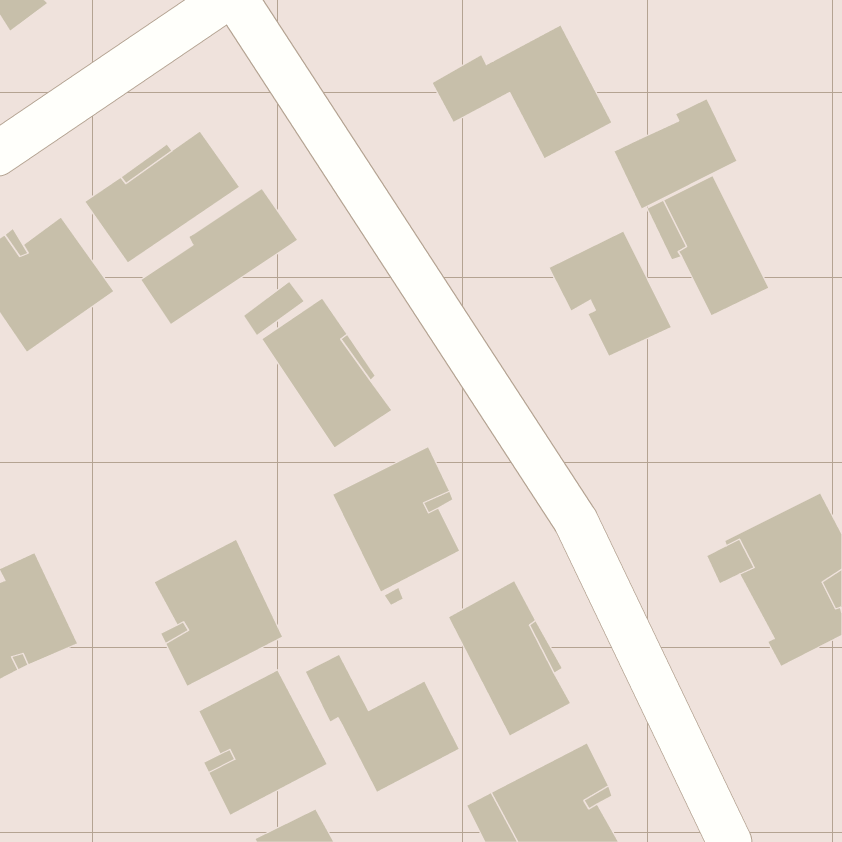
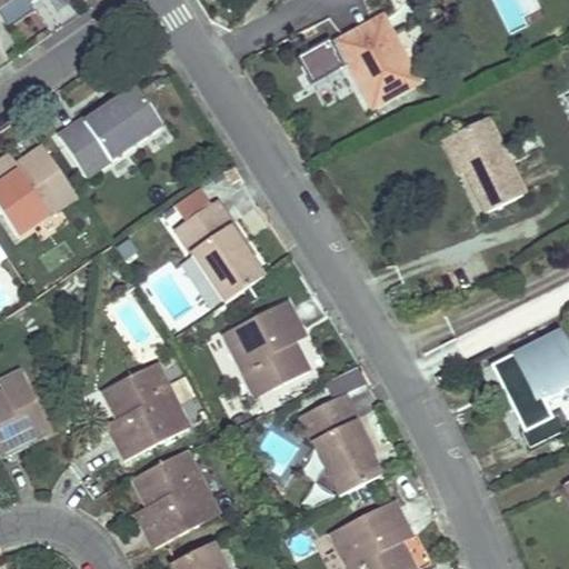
building: [614,98,737,209] -> none
building: [141,188,298,325] -> none
building: [549,231,672,357] -> none
building: [305,654,460,793] -> none

